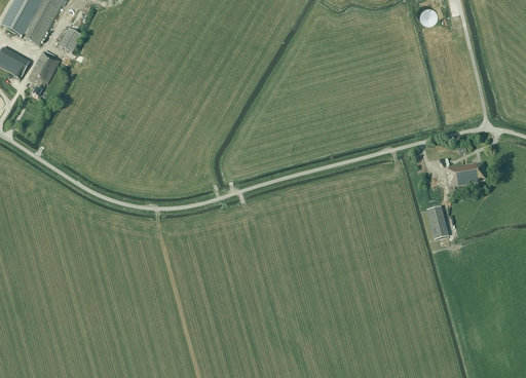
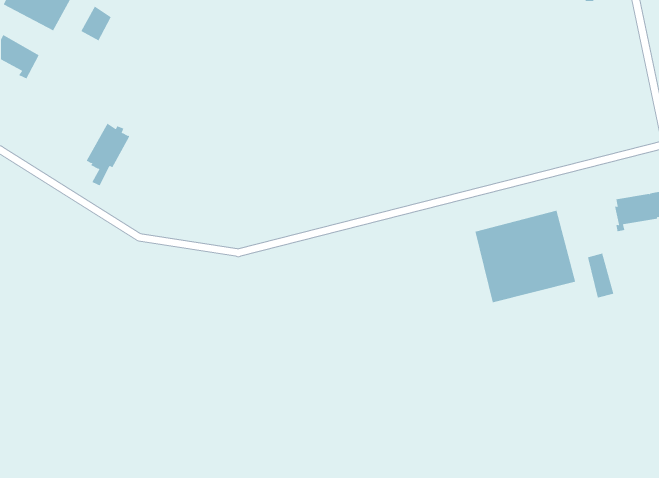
building: [28,50,60,97] -> [86,123,130,186]
building: none -> [475,210,576,303]

